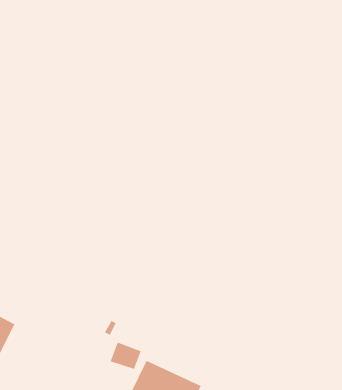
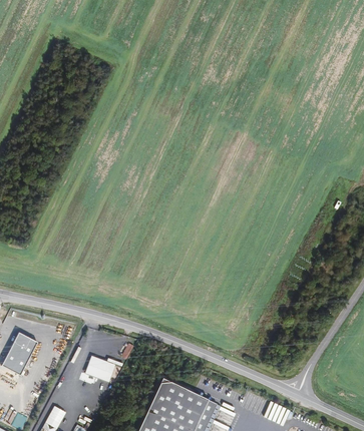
building: [110,342,142,370] -> [87,355,118,382]

